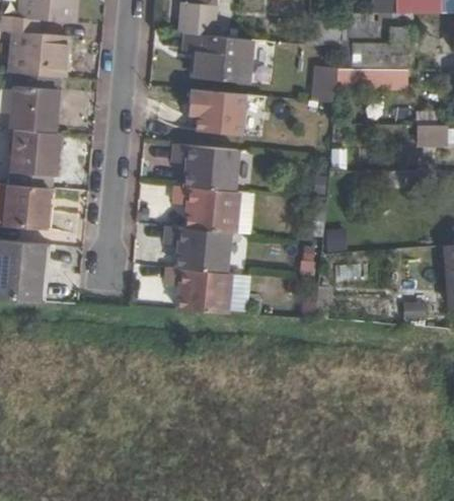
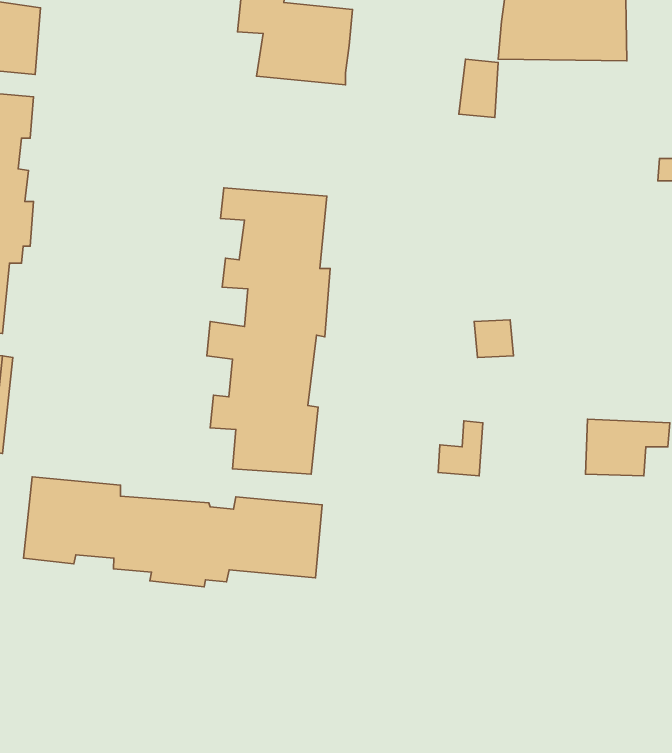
building: [186,85,244,131] -> none
building: none -> [24,477,322,587]

